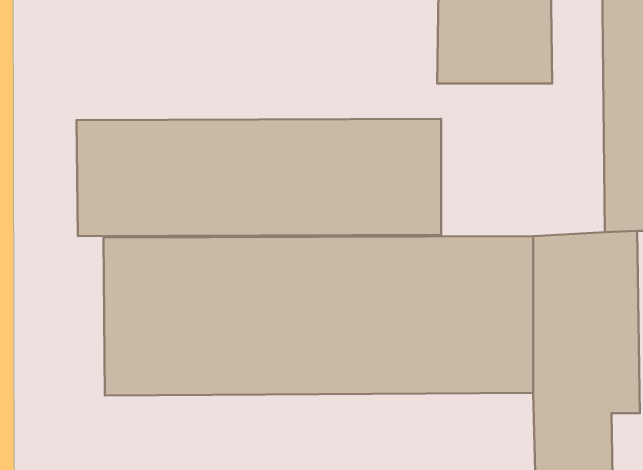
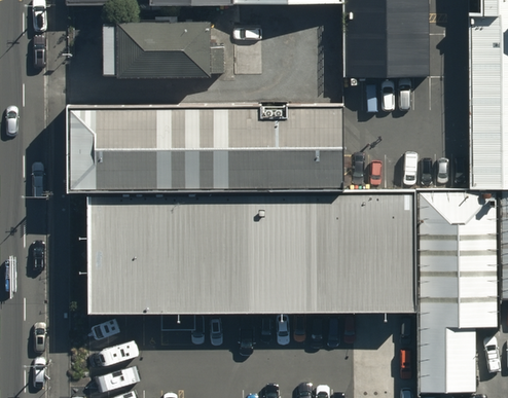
building: none -> [103,21,211,77]

